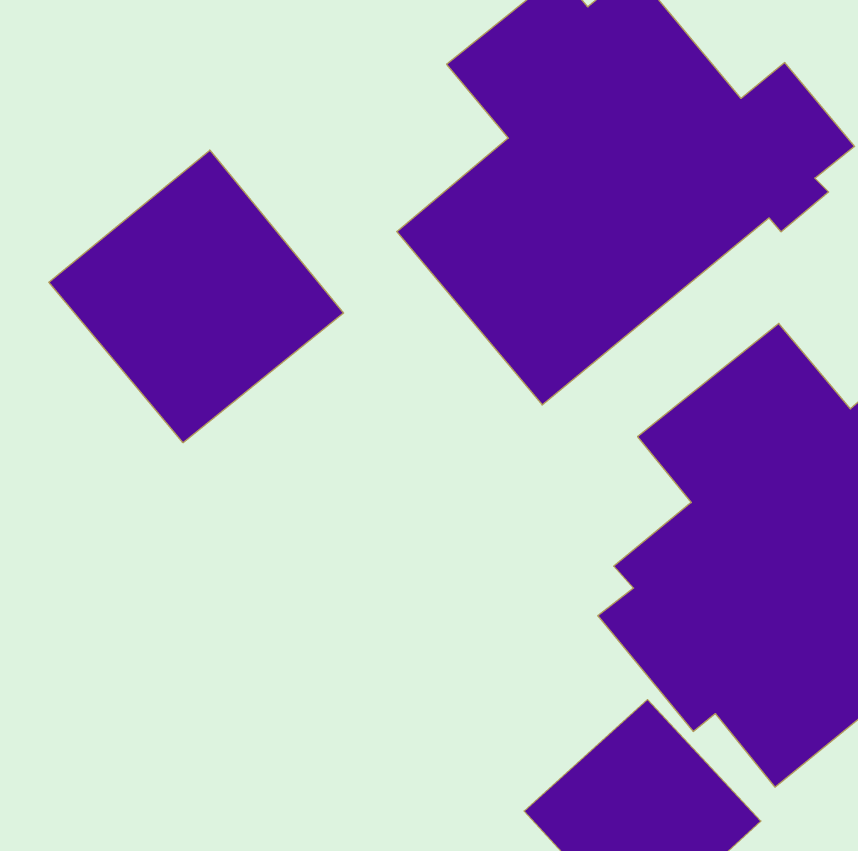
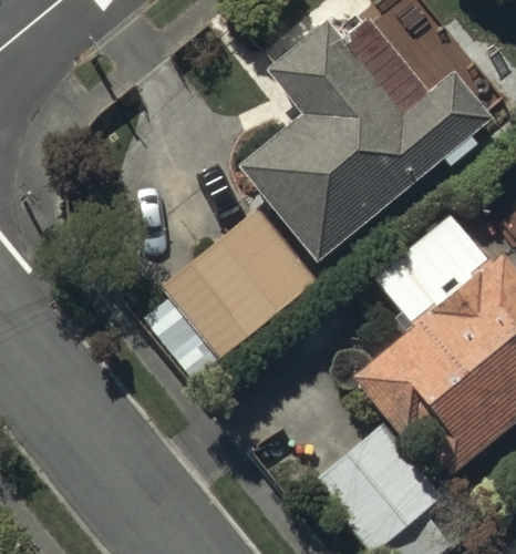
building: [49,150,344,443] -> none
building: none -> [145,205,323,373]

